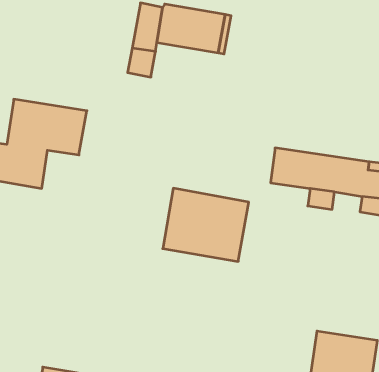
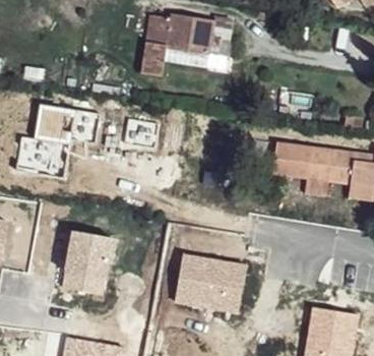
building: [163,188,249,261] -> [173,251,248,315]
building: none -> [60,231,116,298]

